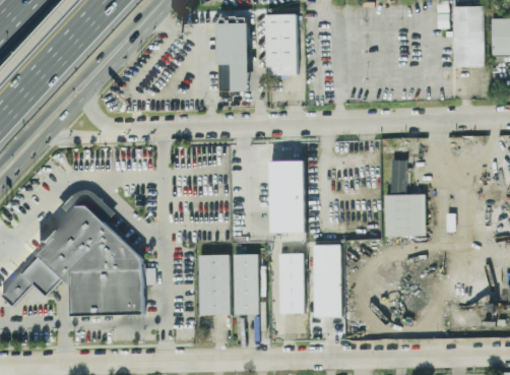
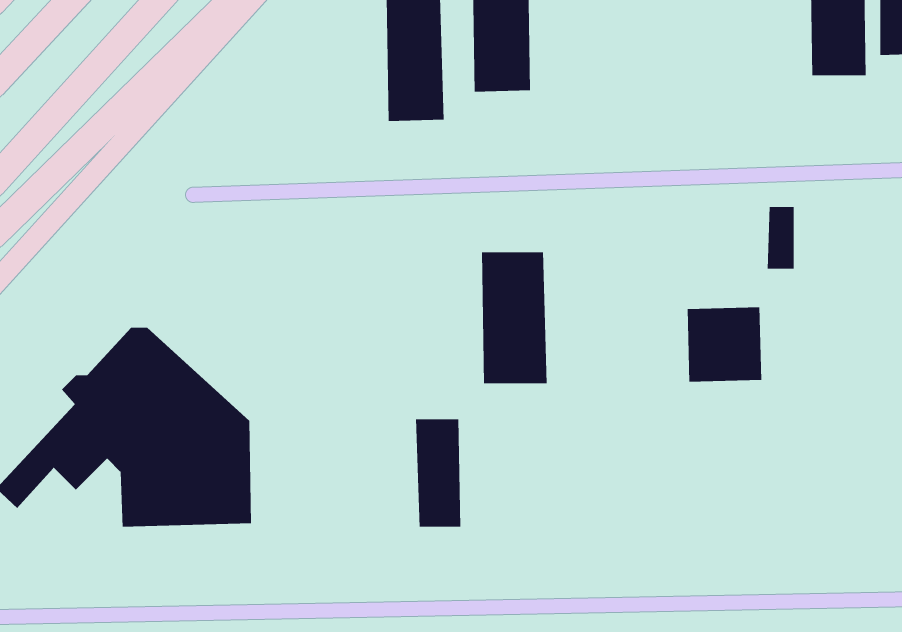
building: [390,159,405,193] -> [767,207,794,269]
building: [314,246,342,318] -> none
building: [279,254,305,314] -> none
building: [199,255,231,316] -> none

